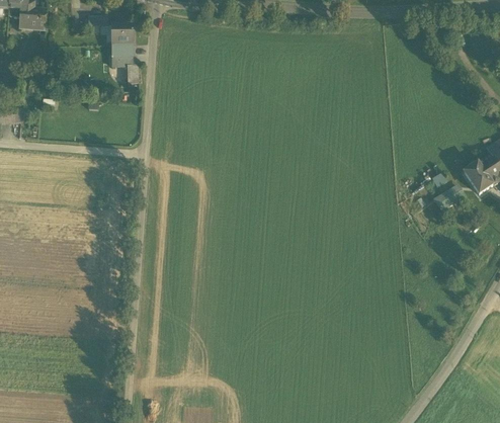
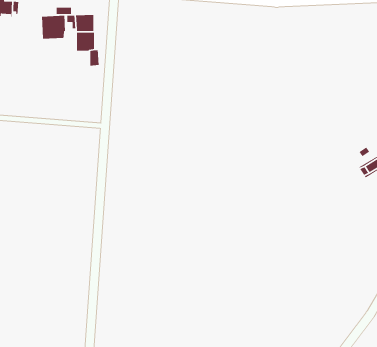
building: none -> [41,15,66,40]

